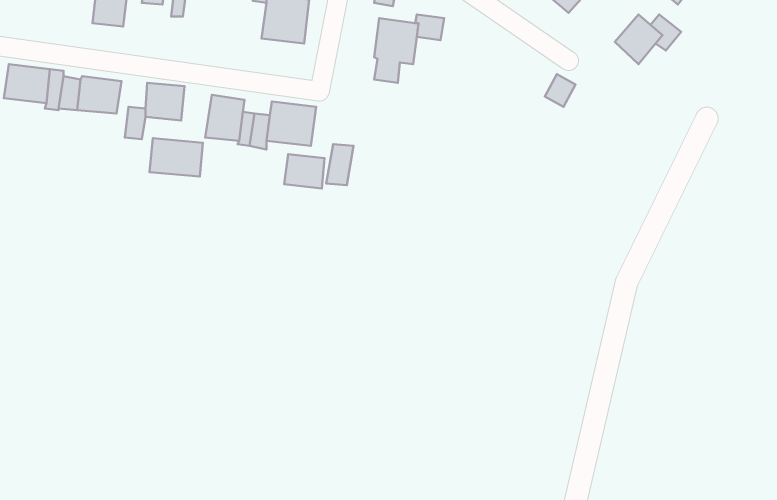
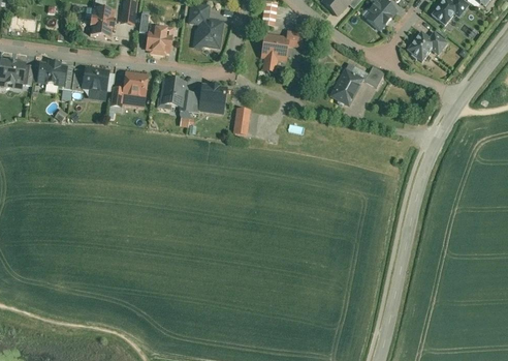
building: none -> [146,27,170,54]
building: none -> [329,68,362,107]
building: [150,138,203,177] -> none
building: [284,154,324,189] -> none

